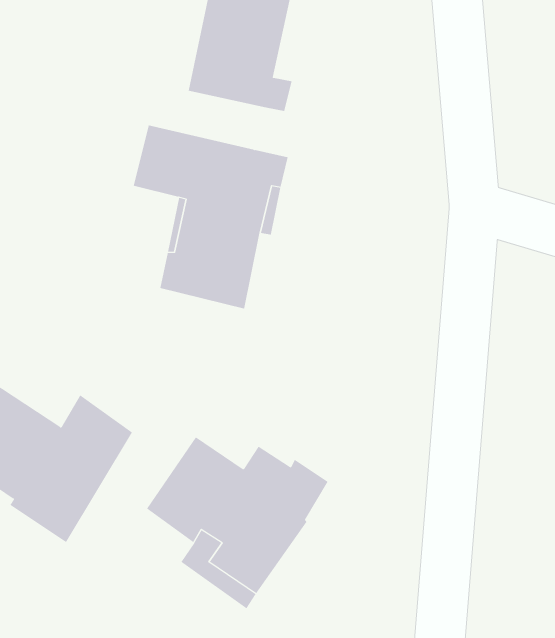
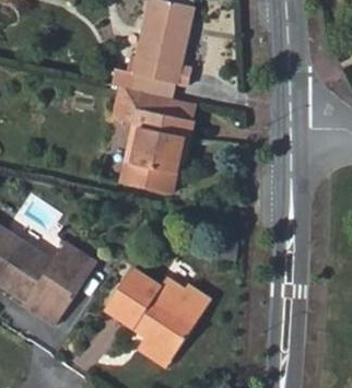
building: none -> [103,59,177,98]

